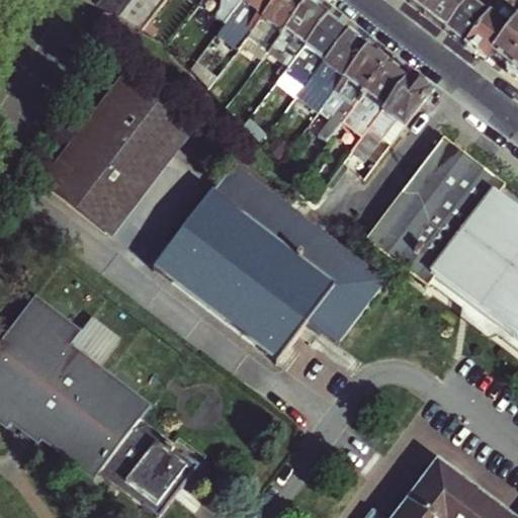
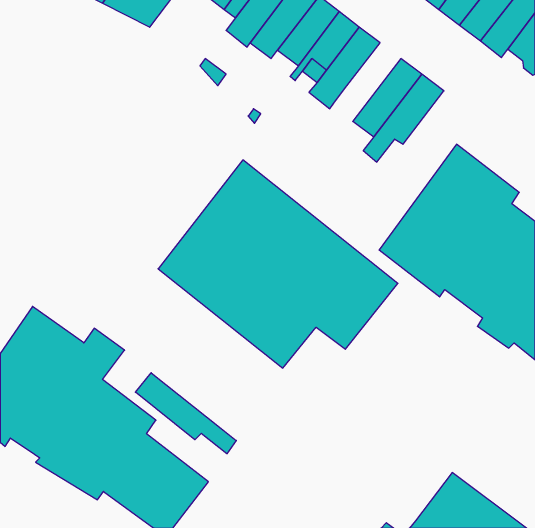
building: [321,41,387,136] -> none
building: [40,61,199,226] -> none
building: none -> [135,373,236,454]

